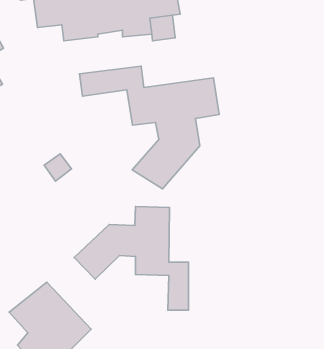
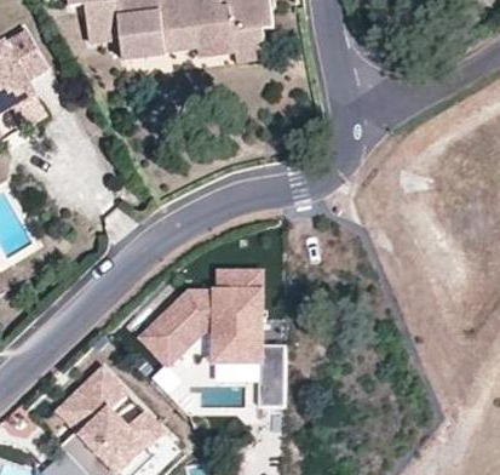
building: [80,66,219,189] -> none

